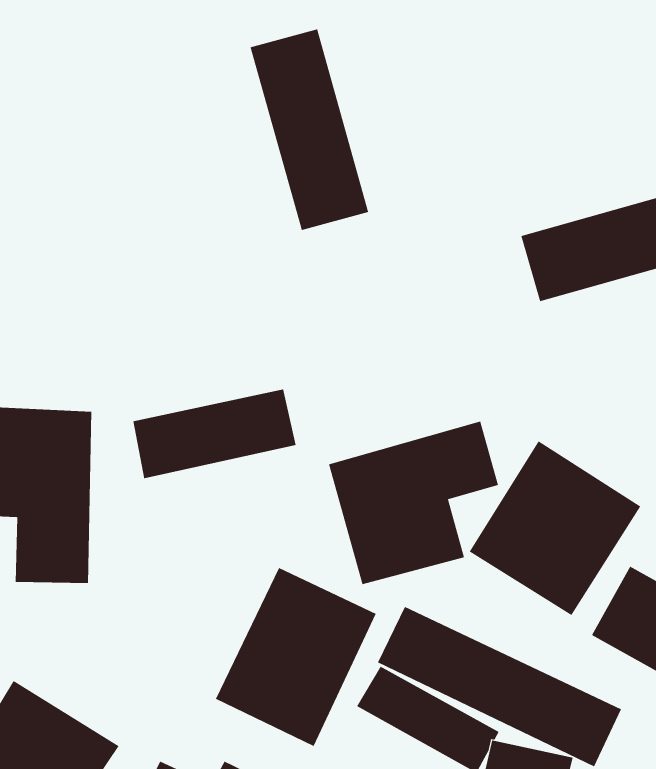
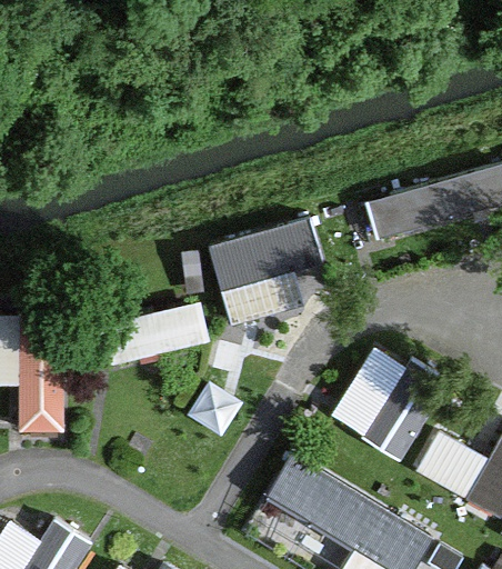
building: [250,29,369,231] -> none
building: [328,421,499,585] -> [207,211,324,325]
building: [215,567,377,747] -> none

